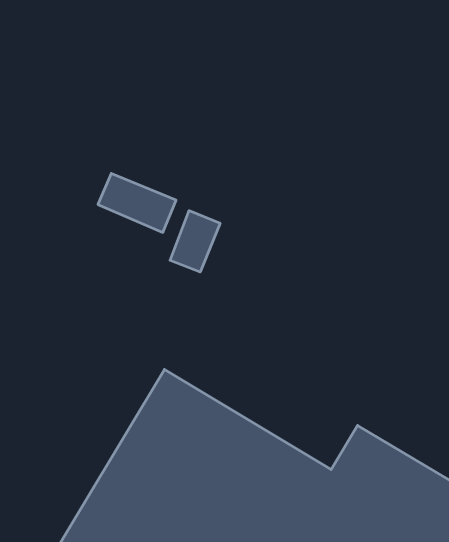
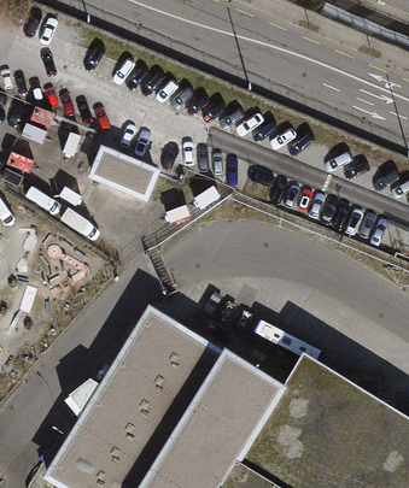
building: [170,211,220,272] -> none

